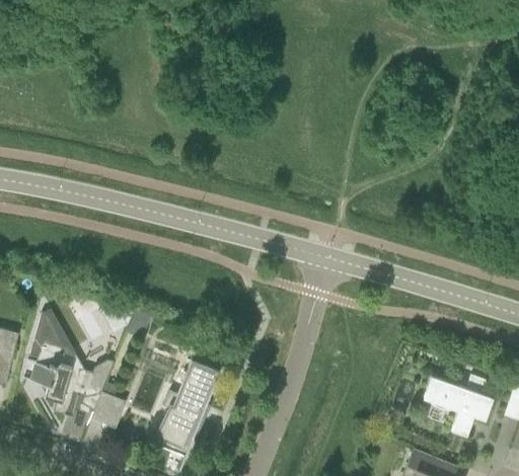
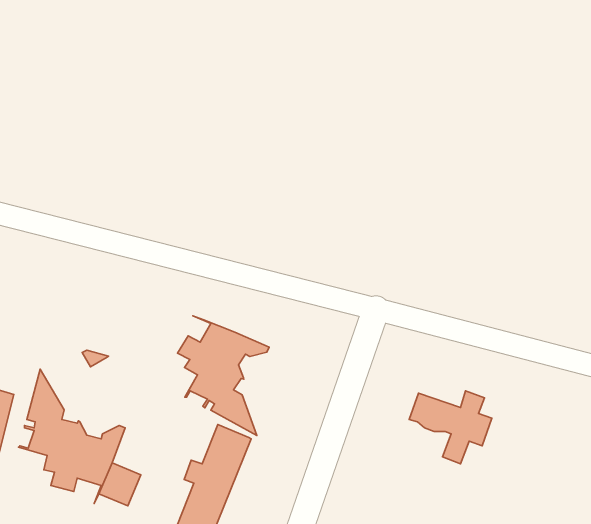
building: none -> [178,316,269,436]
building: [422,375,492,437] -> [409,391,492,464]

